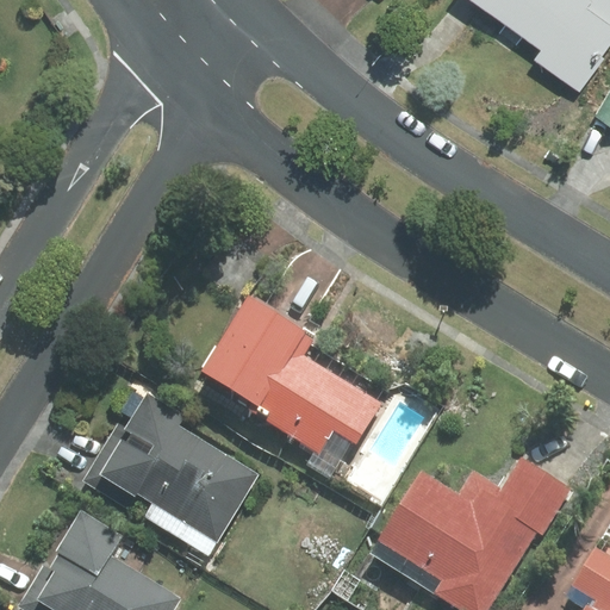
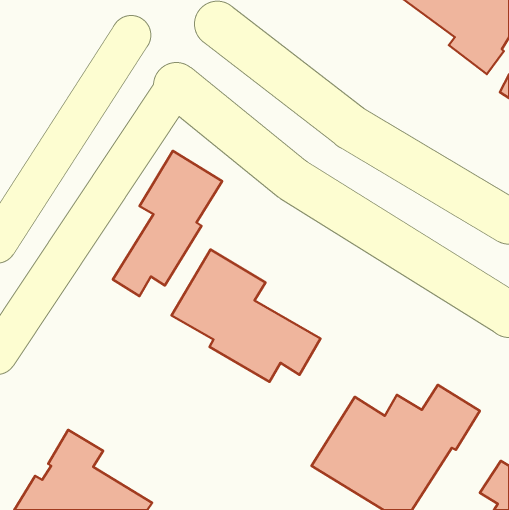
building: none -> [113,151,222,296]
building: [81,384,259,555] -> none

